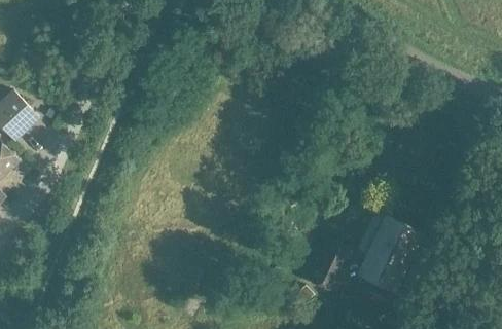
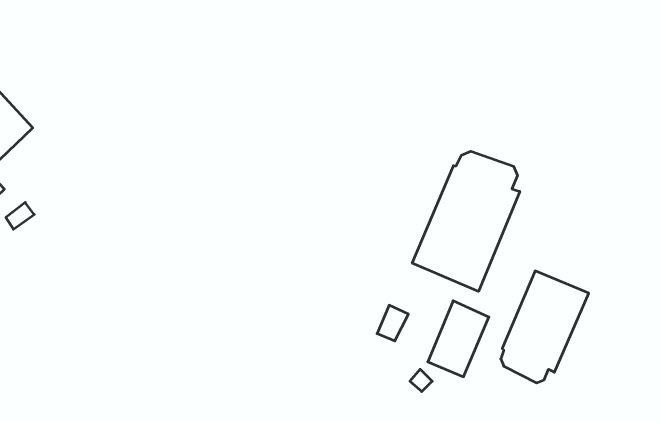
building: none -> [412,151,520,291]

